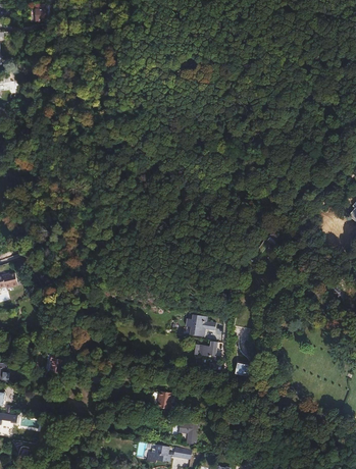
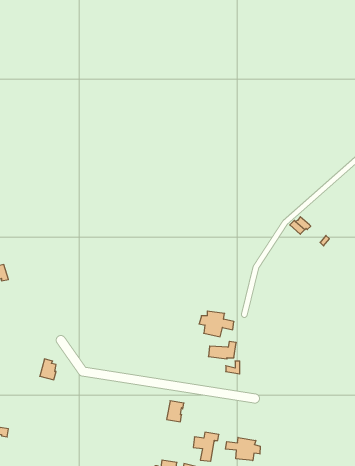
building: none -> [225,437,260,461]

